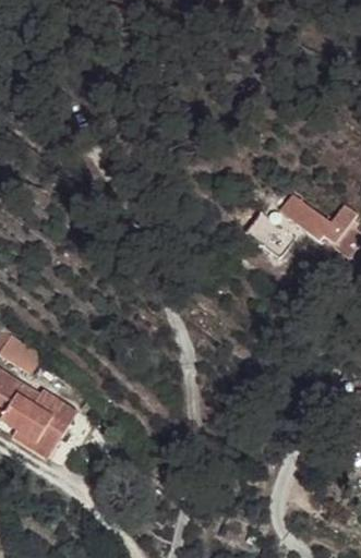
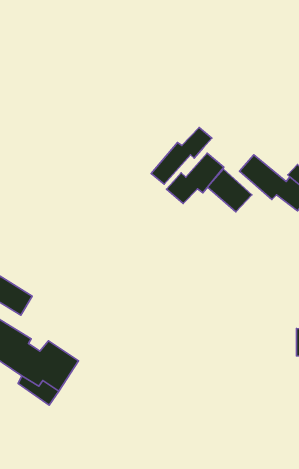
building: none -> [151,127,212,184]
building: none -> [167,153,224,203]

